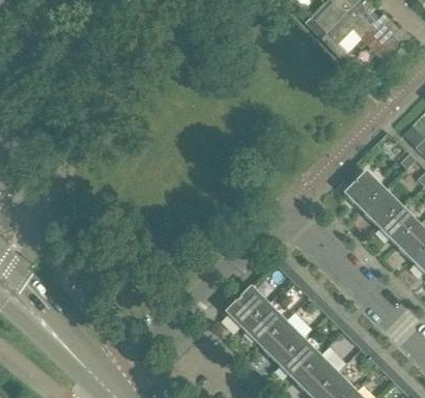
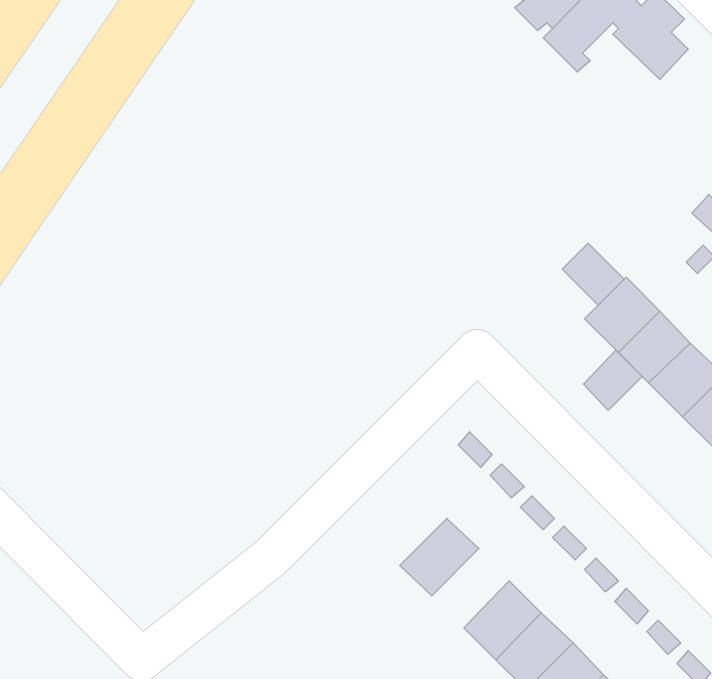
building: none -> [562,243,624,305]
building: none -> [583,350,642,410]
building: [226,285,268,329] -> none
building: [260,319,315,363] -> none

